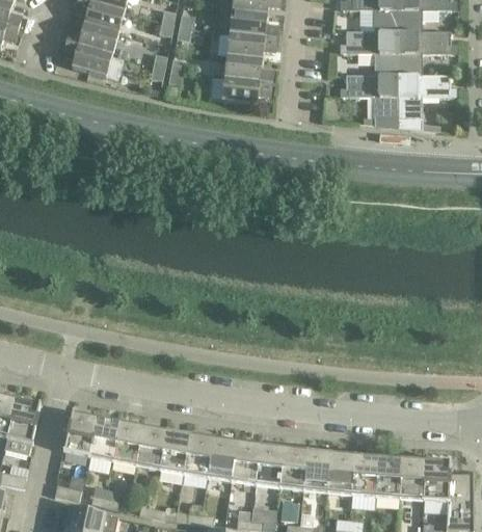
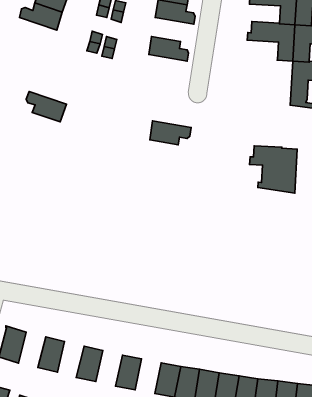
building: [225,32,275,59] -> none
building: [62,42,111,76] -> [26,92,67,122]
building: [341,74,397,128] -> [250,146,297,193]
building: [221,77,270,104] -> [150,121,191,145]
building: [88,419,119,460] -> none
building: [136,427,166,470] -> none
building: [183,435,213,477] -> none
building: [231,443,260,483] -> none

